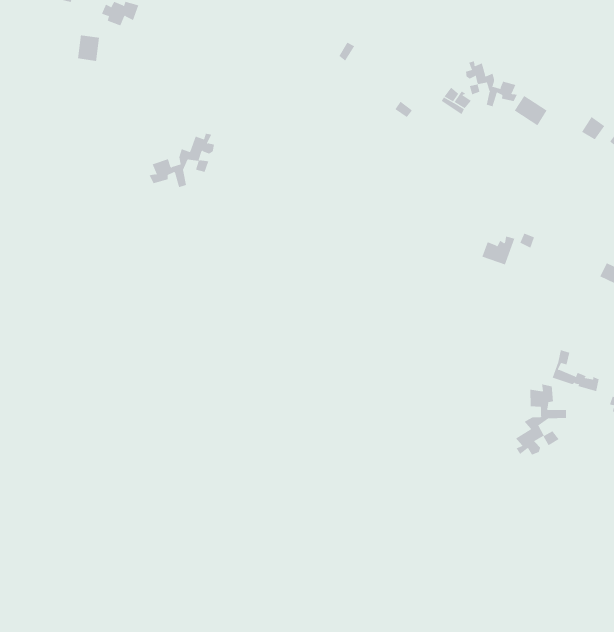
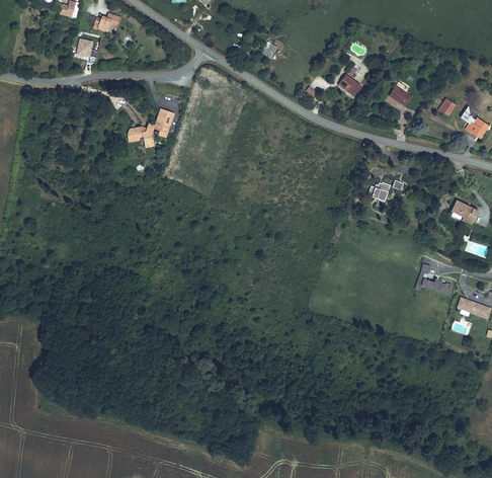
building: [465,61,518,107] -> none
building: [515,384,567,455] -> none

